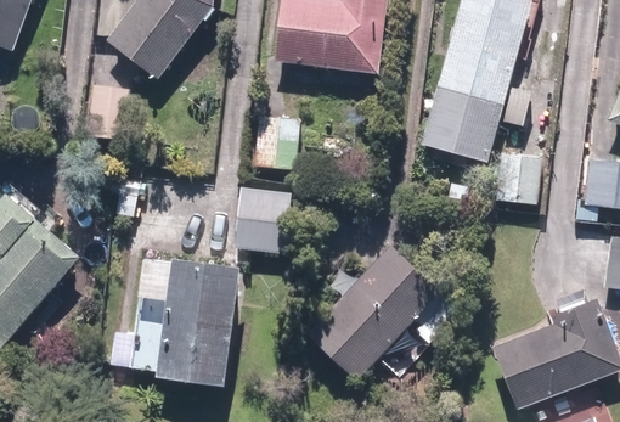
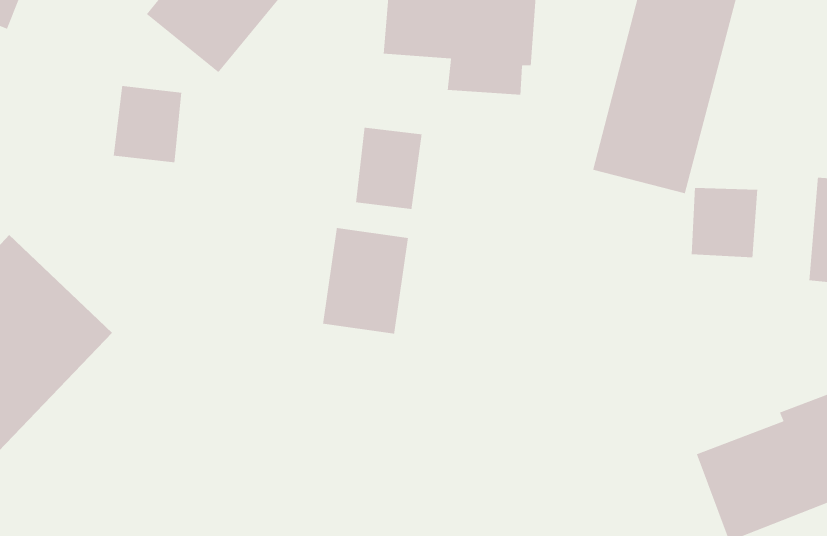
building: [305,241,447,383] -> none
building: [107,252,244,383] -> none

